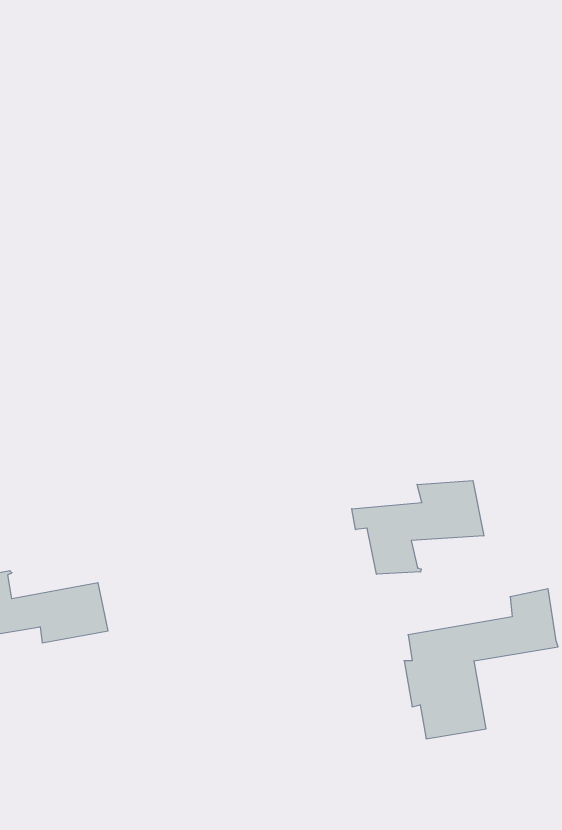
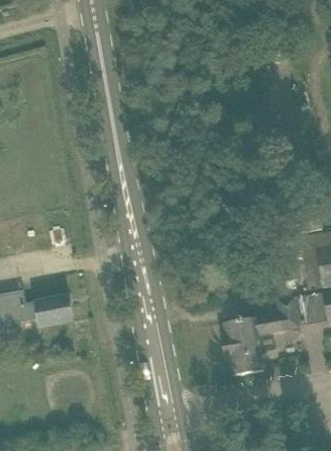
building: [352,481,484,574] -> none

